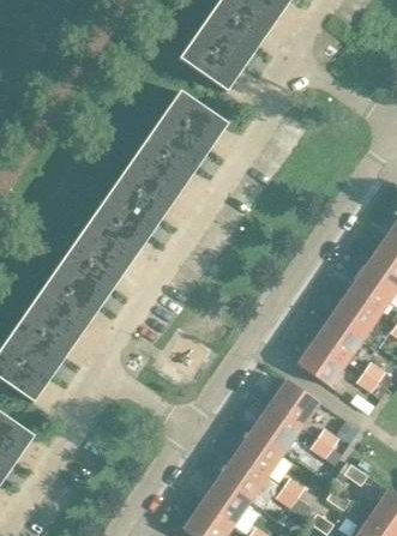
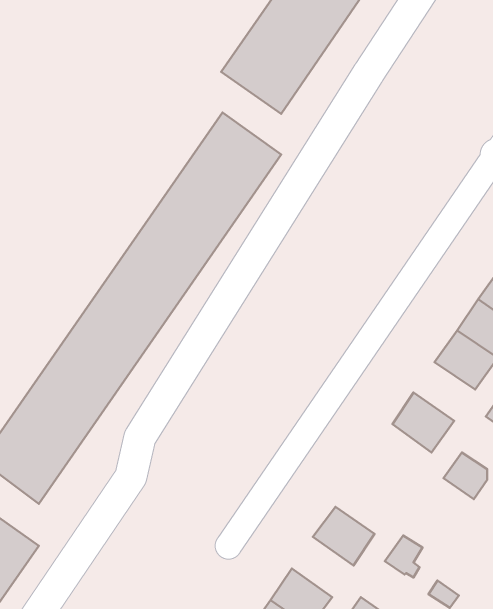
building: [332,289,381,336] -> none
building: [297,338,347,385] -> none
building: [270,379,319,426] -> none
building: [235,428,284,476] -> none

